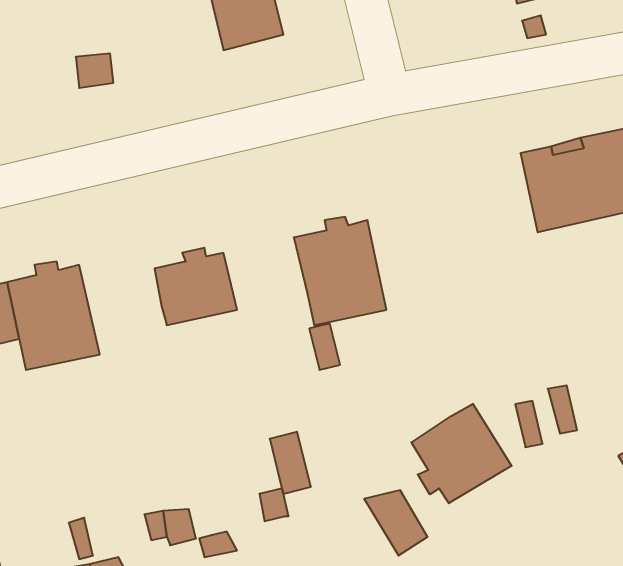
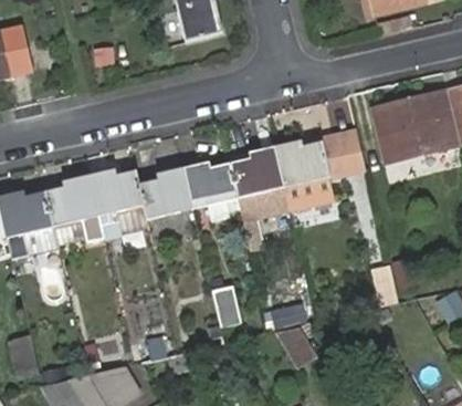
building: none -> [277,134,366,209]
building: none -> [185,160,239,209]
building: none -> [92,168,149,238]
building: [411,404,512,503] -> none

